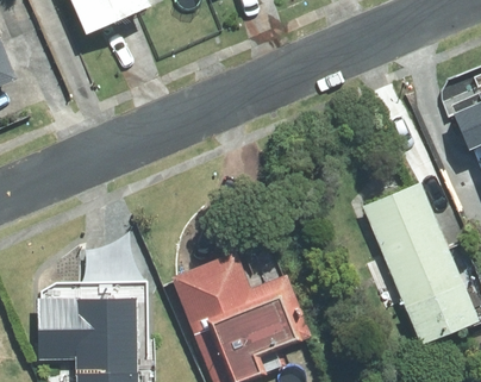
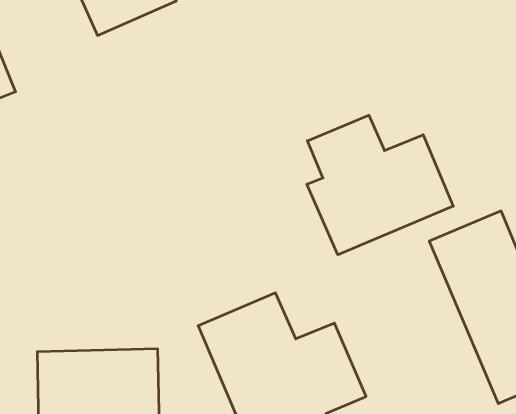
building: none -> [307,115,453,255]

